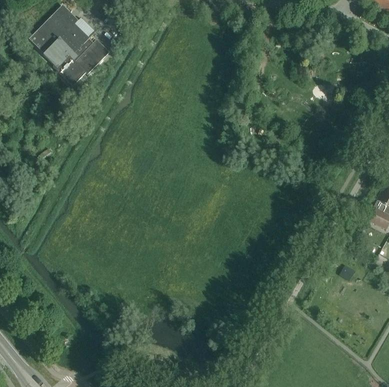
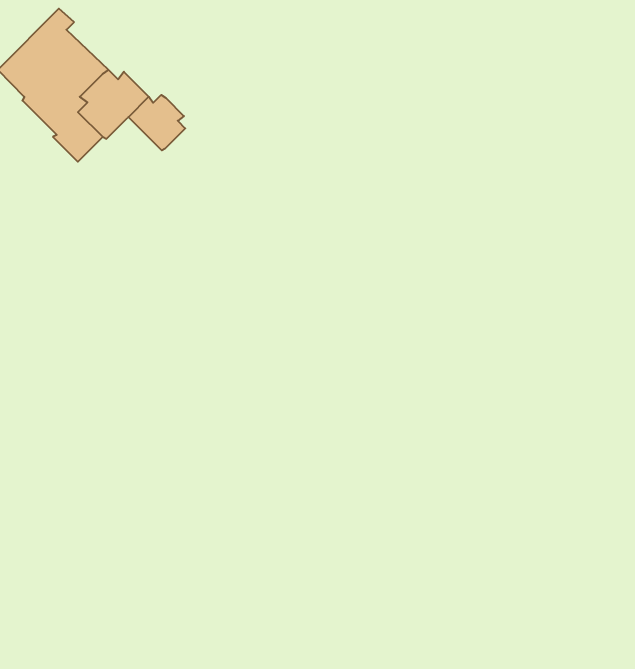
building: none -> [128,95,185,150]

